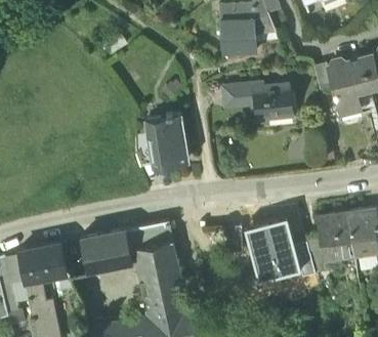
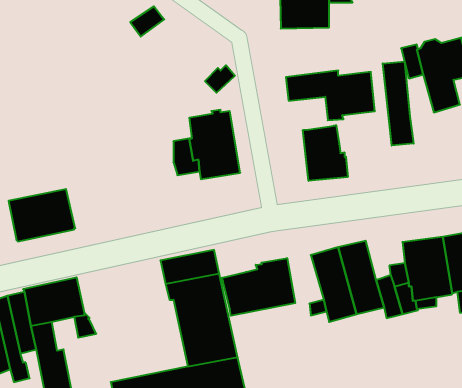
building: none -> [383,61,414,146]
building: none -> [303,125,348,181]
building: none -> [222,258,295,316]
building: [81,231,133,272] -> [9,189,75,241]

